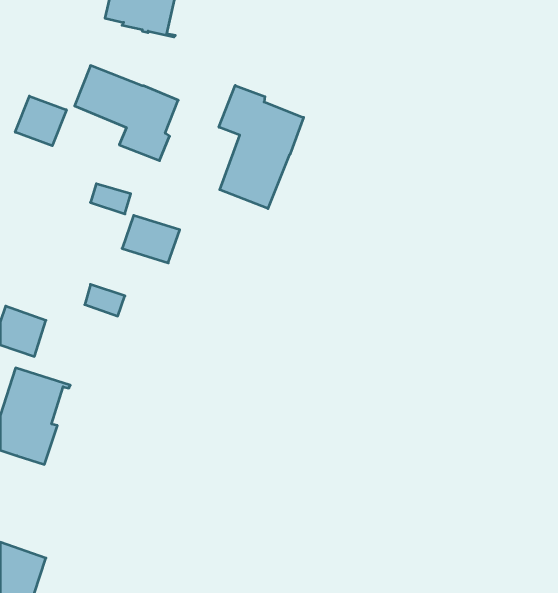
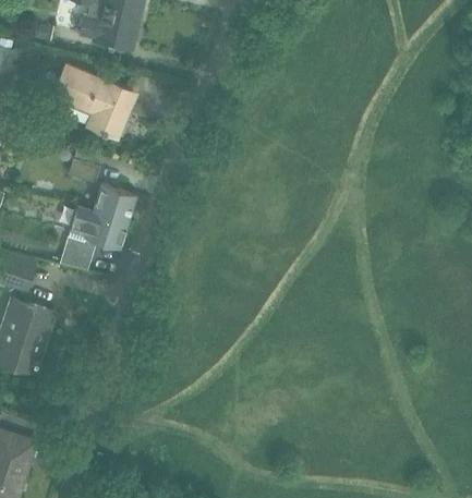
building: [219,85,304,209] -> none
building: [15,96,66,146] -> none
building: none -> [70,204,128,246]

